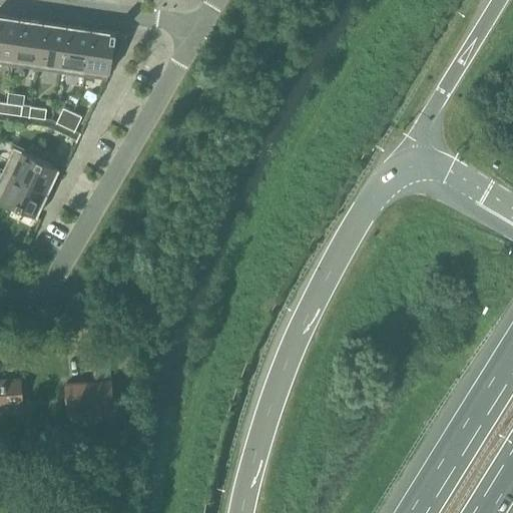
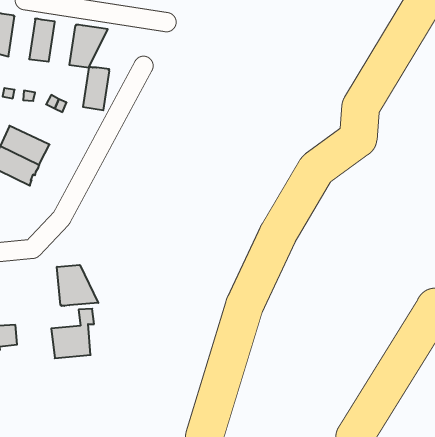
building: [10,18,41,69] -> none
building: [57,25,88,76] -> [83,67,109,110]
building: none -> [57,265,98,306]

